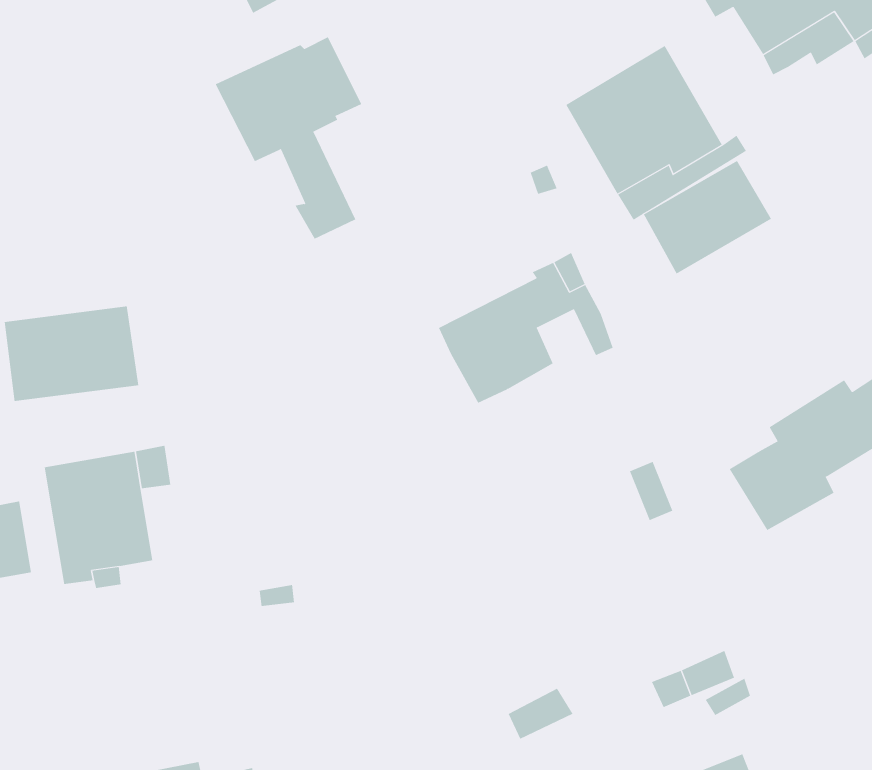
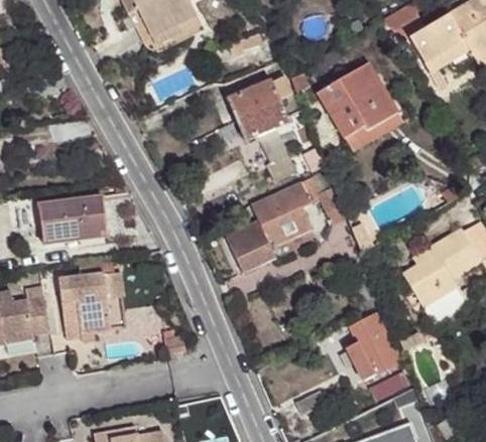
building: [215,36,362,239] -> [227,76,301,178]
building: [643,160,772,274] -> none
building: none -> [229,218,280,273]
building: none -> [347,312,402,380]

